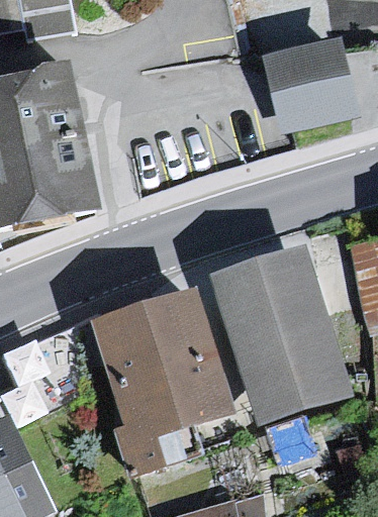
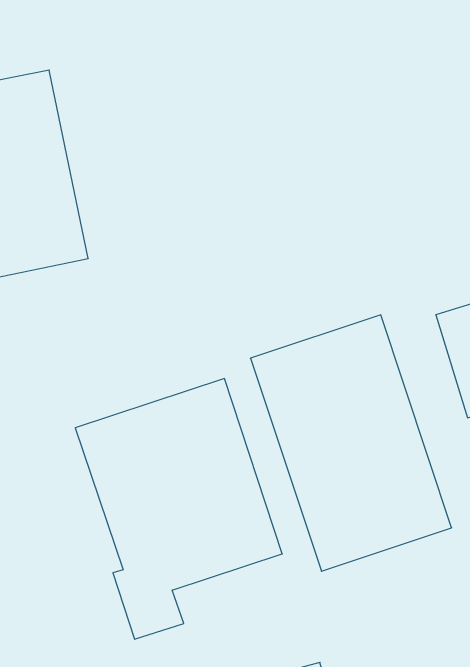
building: [268,36,358,128] -> none

